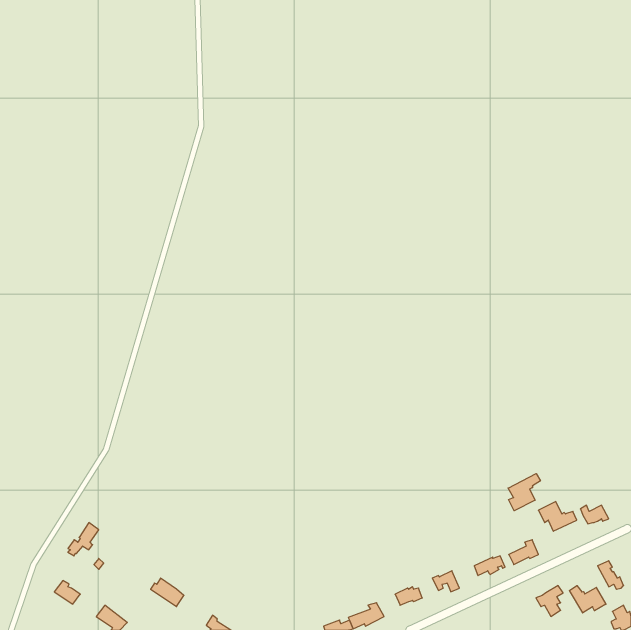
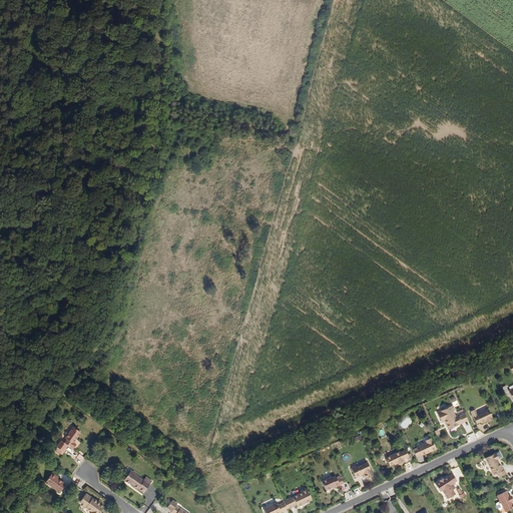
building: [508,474,540,511] -> none
building: [569,586,606,613] -> none

